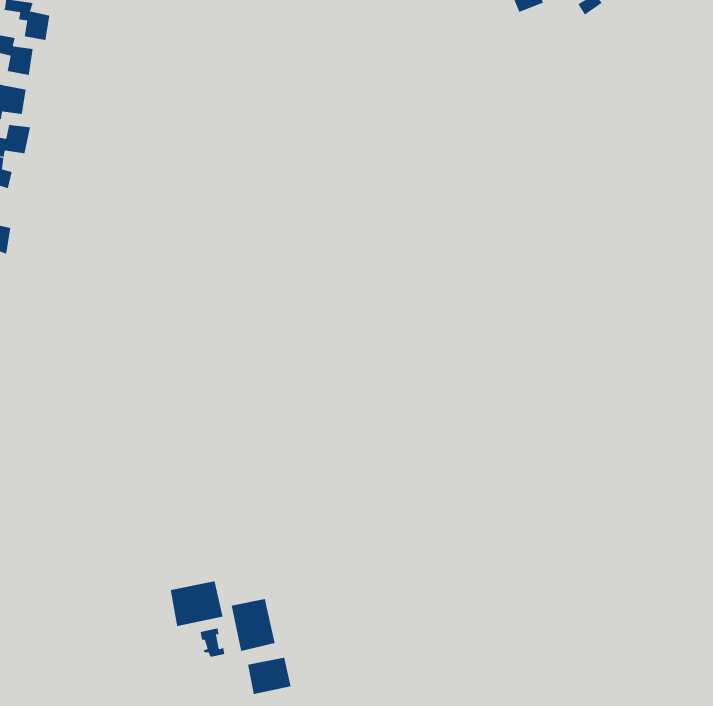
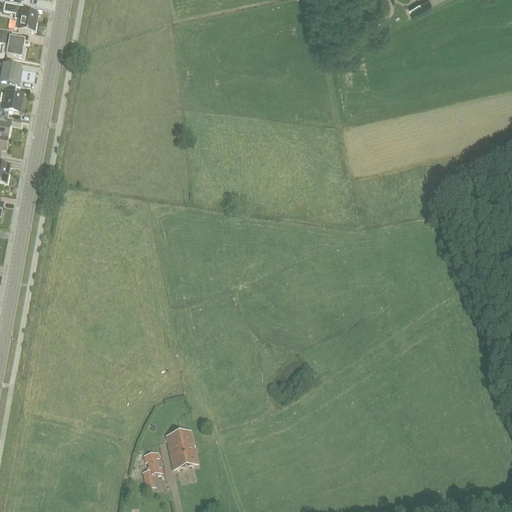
building: [170,580,223,627] -> none
building: [248,657,291,695] -> none

